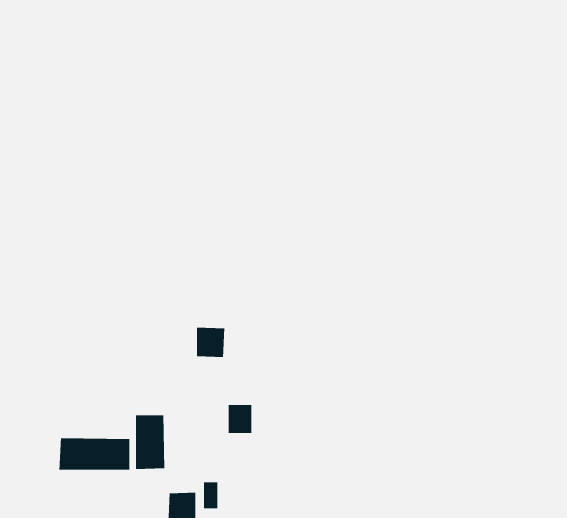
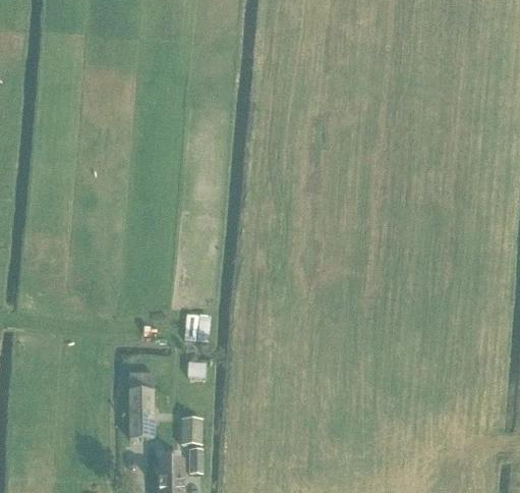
building: [228,404,252,434] -> [180,418,201,444]
building: [59,437,130,470] -> none

